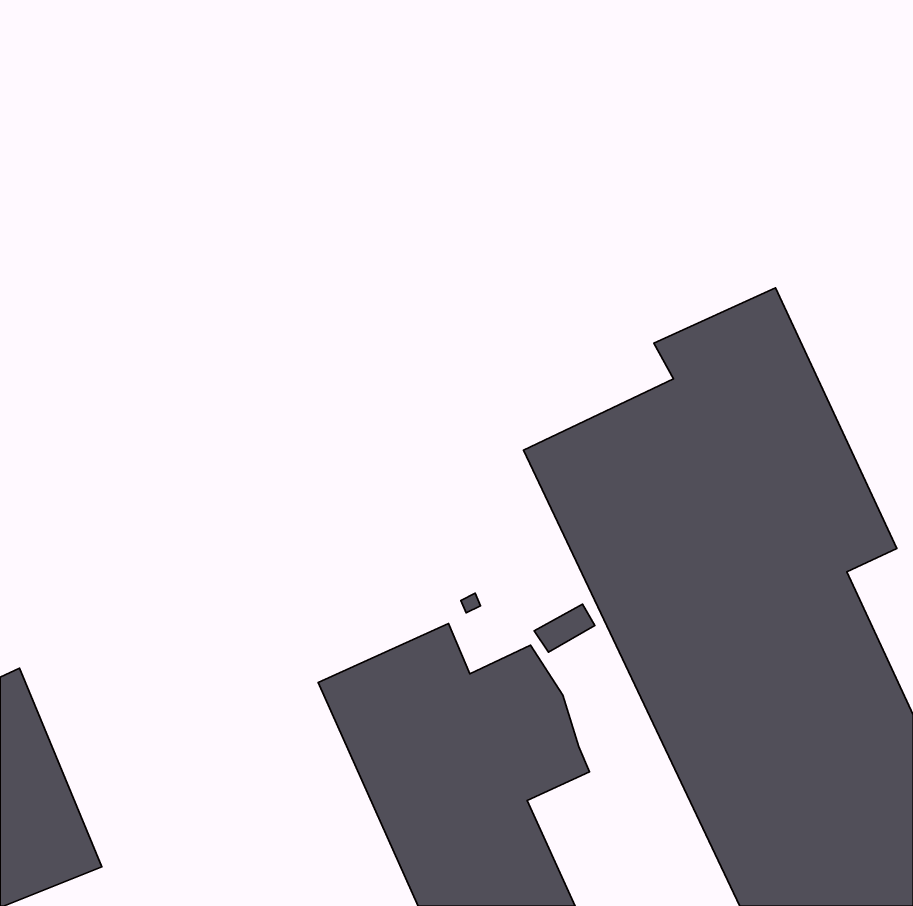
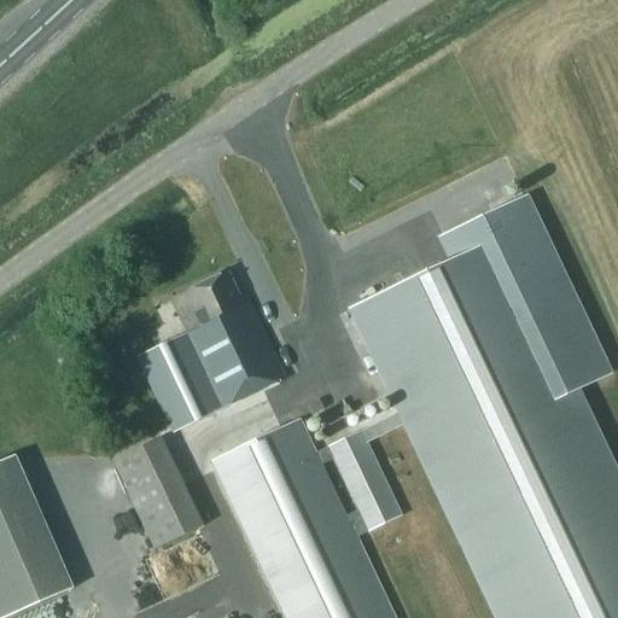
building: none -> [140,272,287,430]
building: none -> [113,436,203,546]

